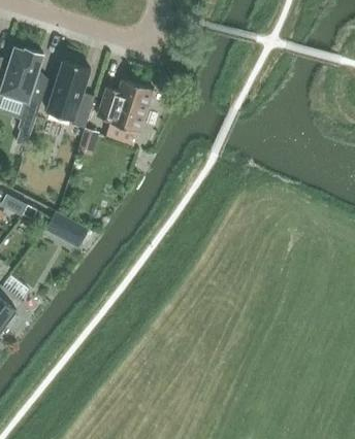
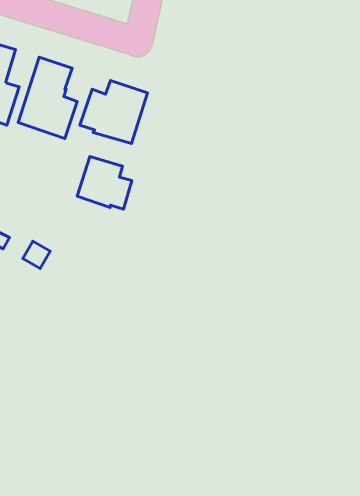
building: none -> [77,156,132,209]

